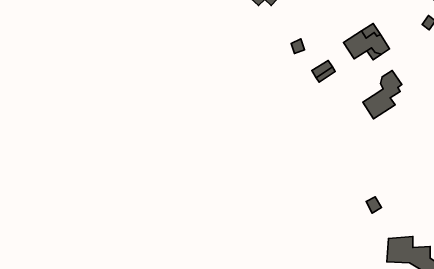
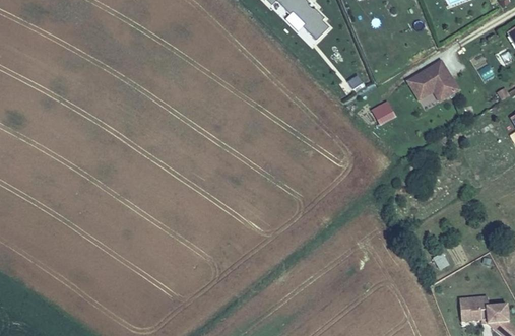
building: [363,70,402,119] -> none

